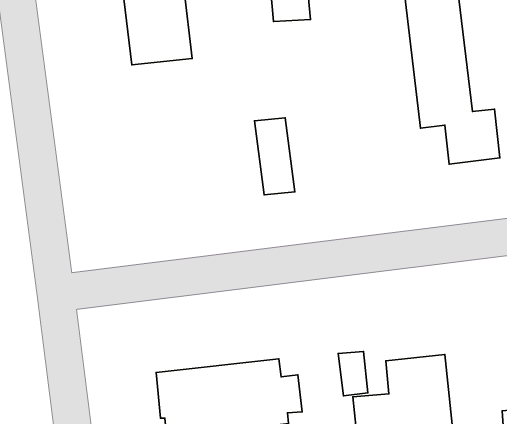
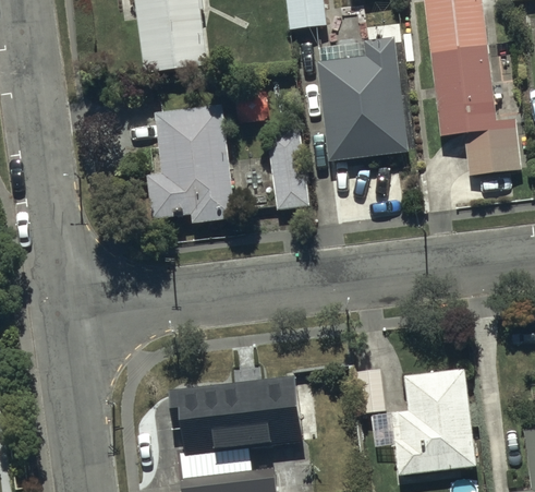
building: none -> [316,35,410,160]
building: none -> [147,106,235,224]

